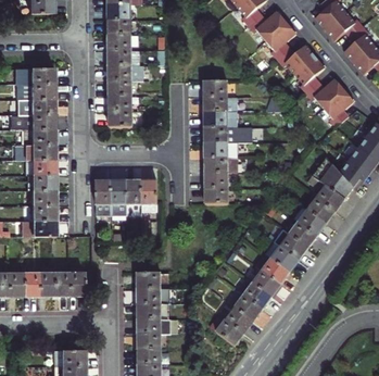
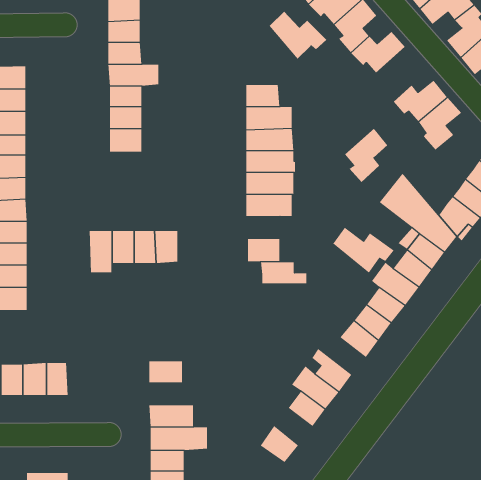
building: none -> [269,11,327,59]
building: [296,54,327,92] -> [344,128,388,183]
building: [206,172,239,187] -> [260,262,307,284]
building: none -> [333,227,394,274]
building: [256,251,290,281] -> none
building: [139,287,173,302] -> none
building: [219,299,253,330] -> none

